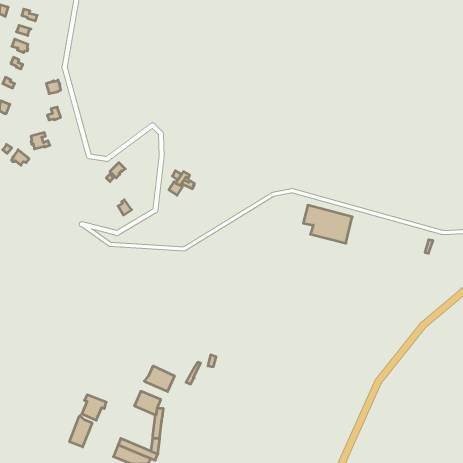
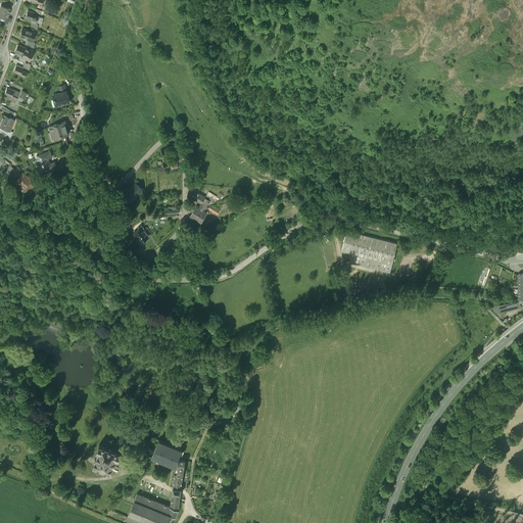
building: [144,366,174,392] -> none
building: [70,416,92,447] -> none

